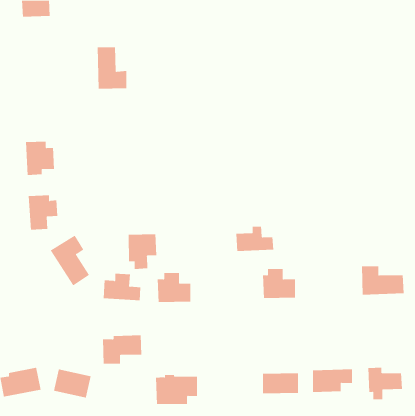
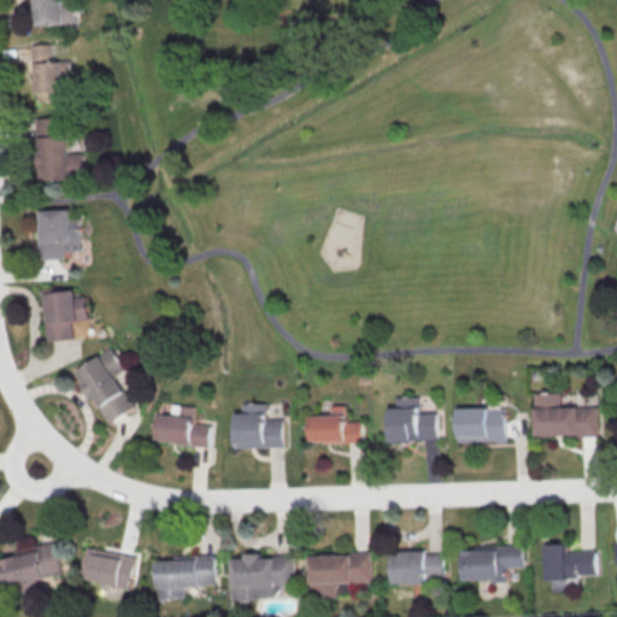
building: none -> [33,45,69,101]
building: [97,47,127,89] -> [36,118,81,181]
building: [236,226,274,252] -> [305,406,362,443]
building: [128,233,157,270] -> none
building: none -> [456,409,505,442]
building: [102,335,142,364] -> [154,556,213,599]
building: none -> [307,554,369,598]

